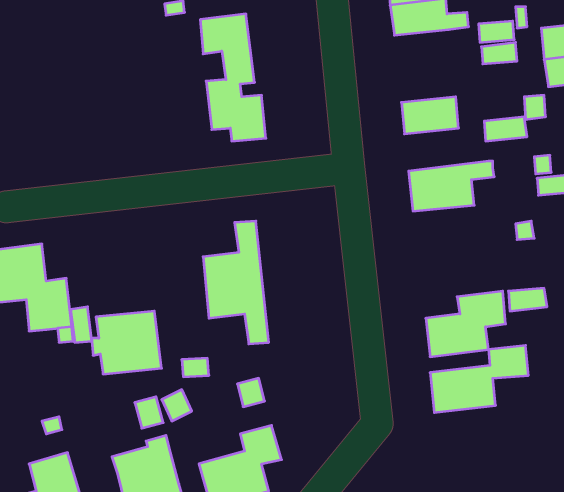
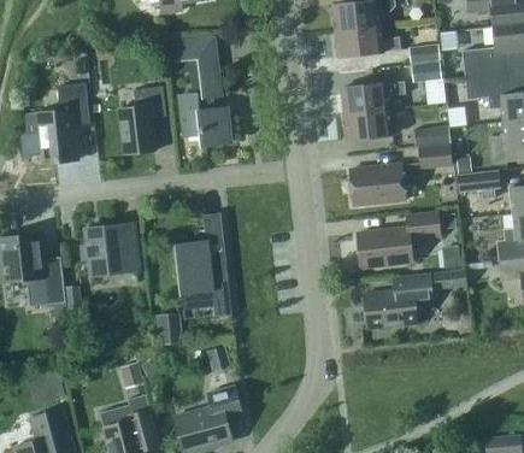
building: none -> [341,82,405,113]
building: none -> [24,84,89,163]
building: none -> [119,87,165,154]
building: none -> [414,142,452,169]
building: [92,311,162,374] -> [81,223,140,276]
building: [430,345,528,413] -> [357,211,440,267]

